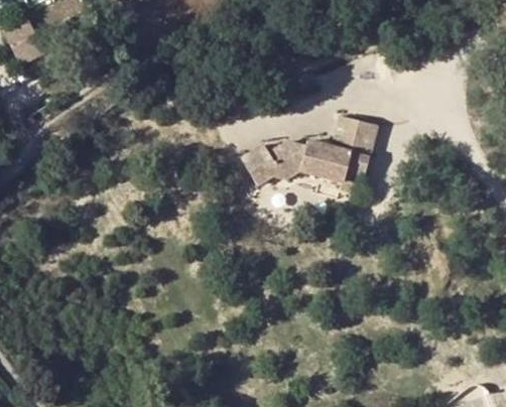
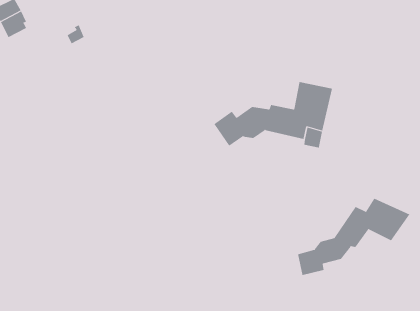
building: none -> [298,198,410,276]

